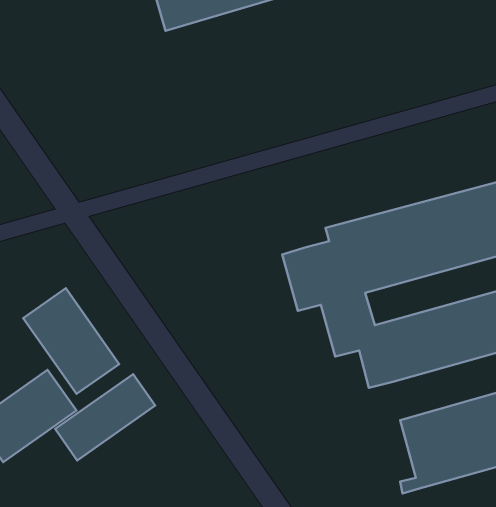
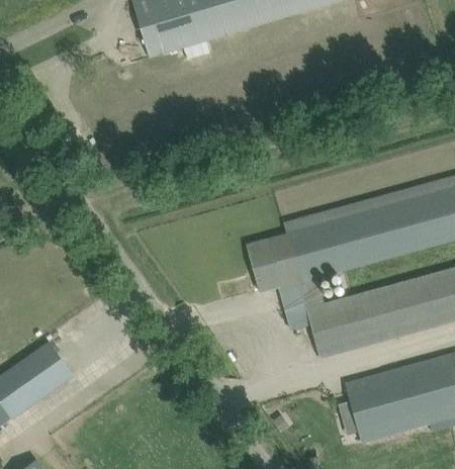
building: [23,288,119,394] -> none
building: [55,374,155,460] -> none

